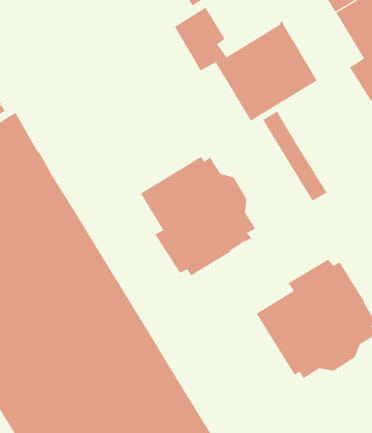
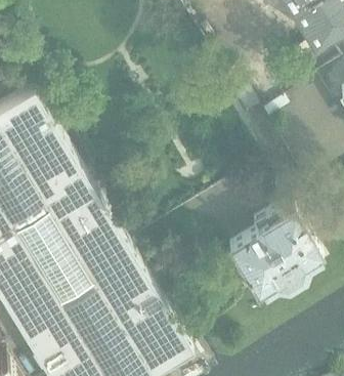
building: [174,7,318,122] -> none
building: [140,156,256,276] -> none

